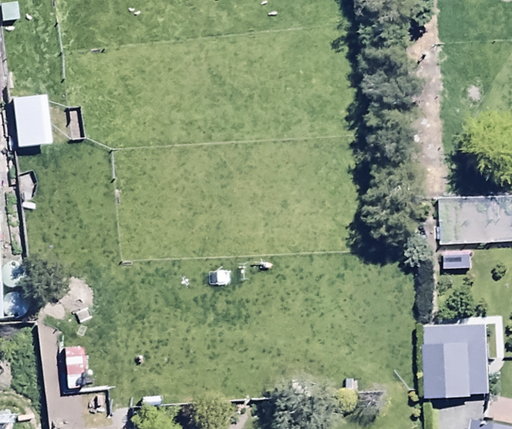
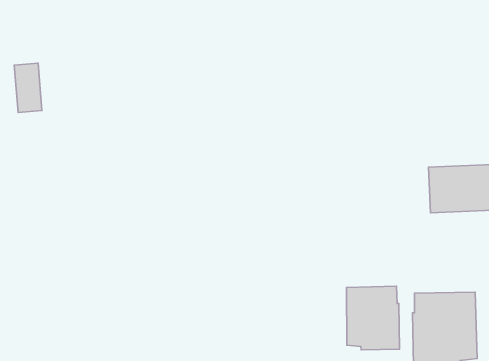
building: none -> [346,286,400,350]

